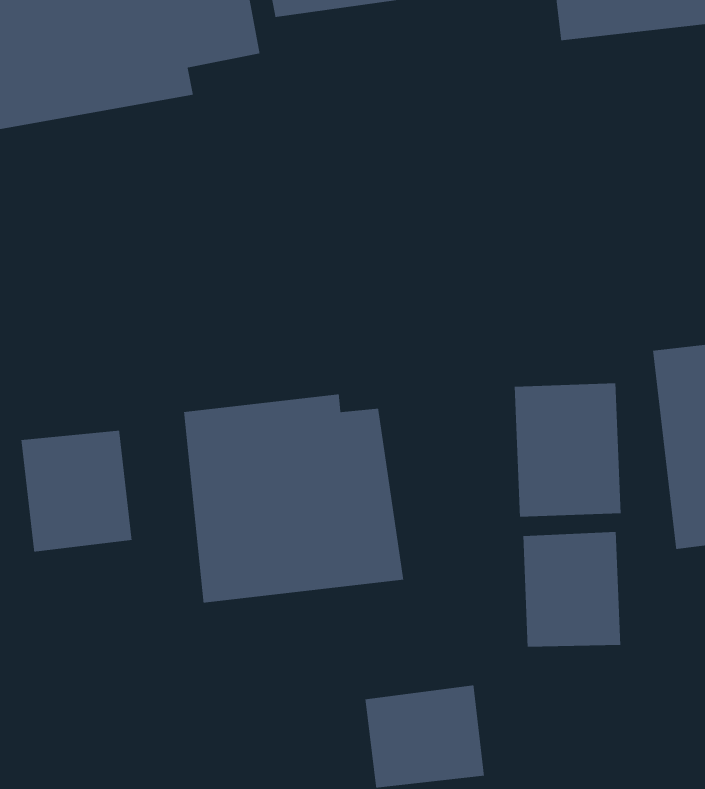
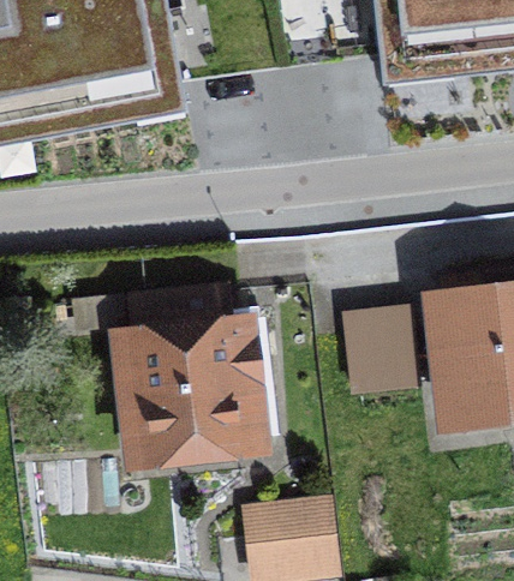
building: [21,430,133,552] -> none
building: [522,531,621,648] -> none

